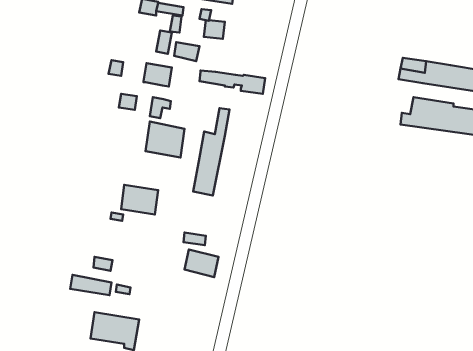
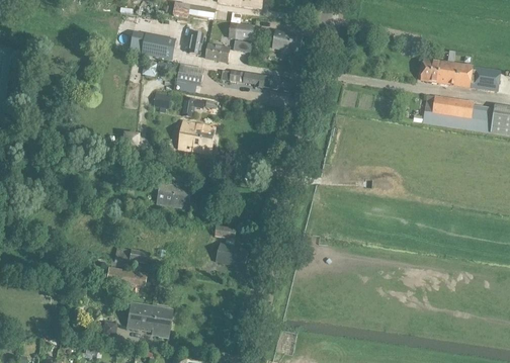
building: none -> [272,29,303,54]
building: none -> [141,33,176,60]
building: [193,108,230,196] -> none

